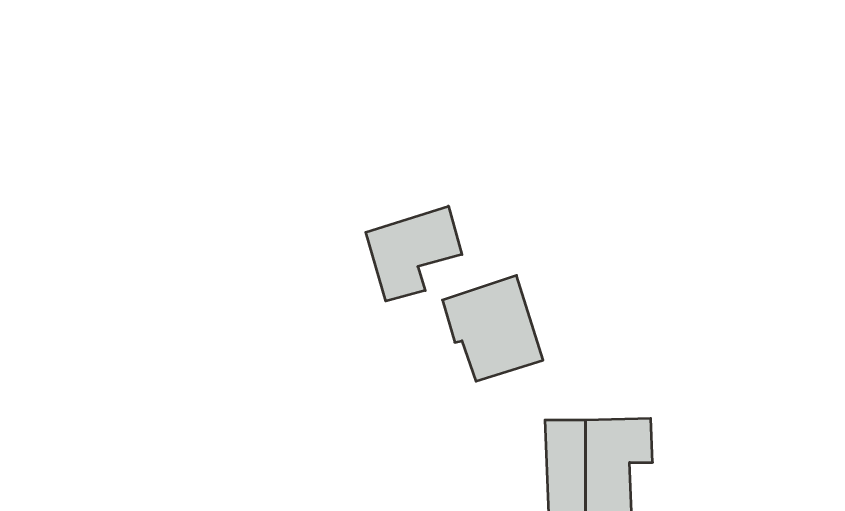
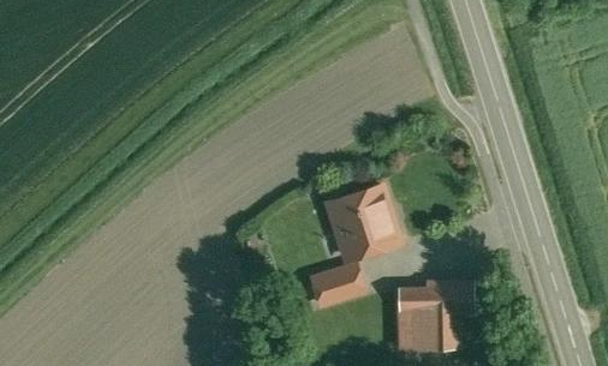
building: [366,206,462,301] -> none
building: none -> [310,268,362,308]

